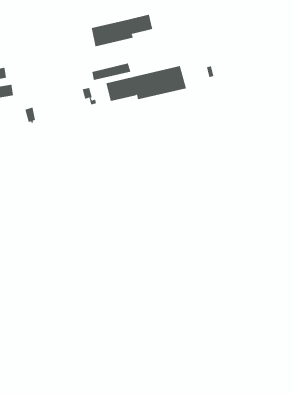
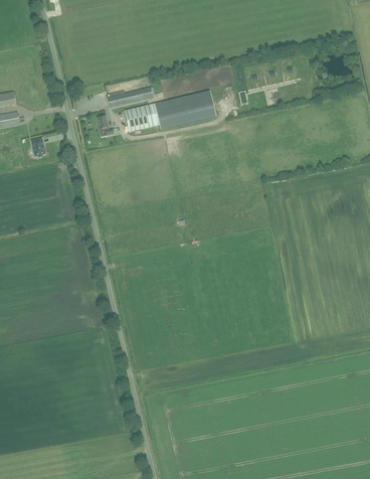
building: [91,14,153,47] -> none

